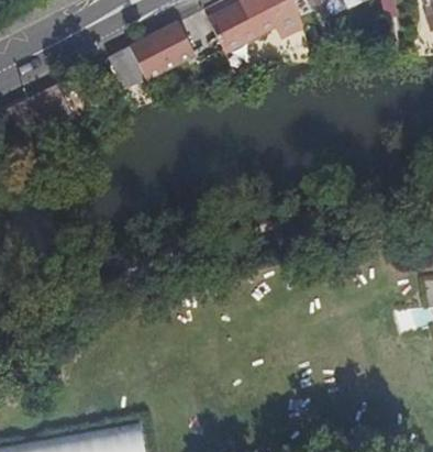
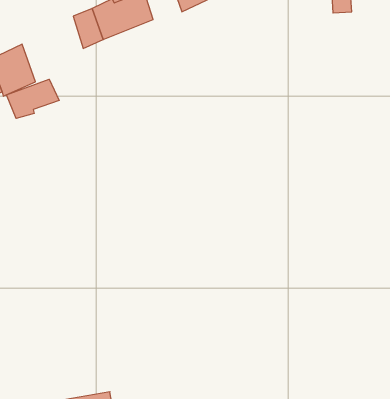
building: none -> [6,79,59,118]

